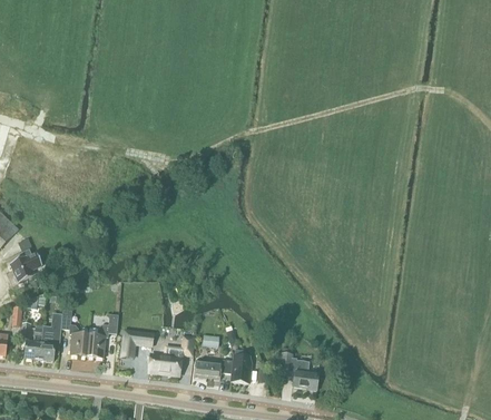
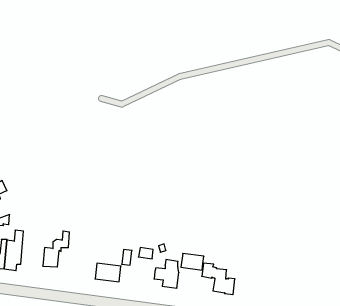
building: [61,309,88,355] -> none
building: [121,330,153,356] -> none
building: [194,359,222,379] -> [181,253,204,270]

